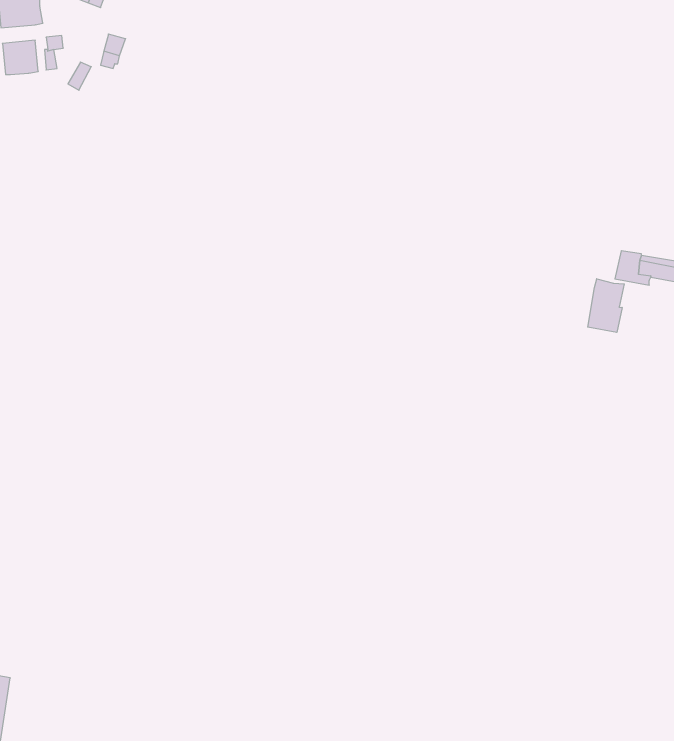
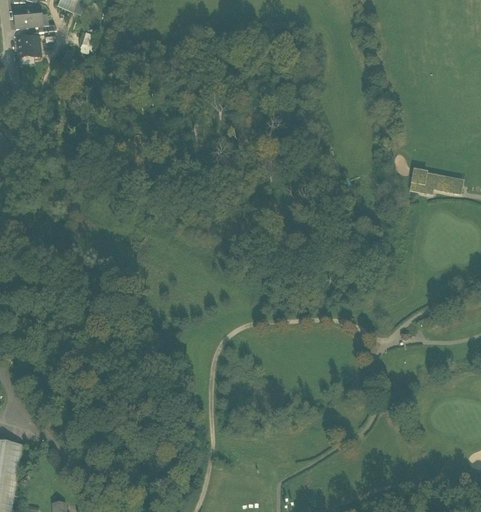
building: [588,279,624,332] -> none

